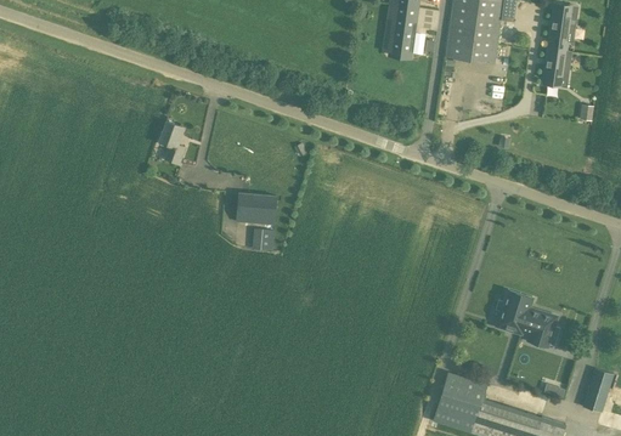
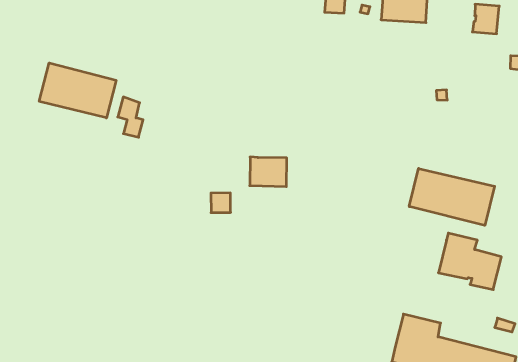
building: none -> [39,63,116,118]
building: [236,192,277,226] -> [250,157,287,187]
building: none -> [409,168,495,225]

